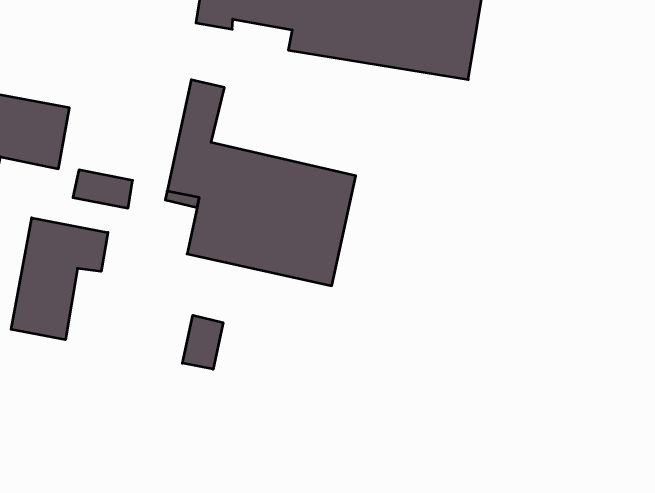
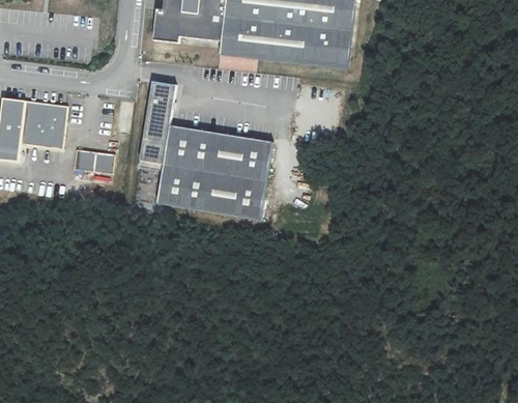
building: [11,218,108,340] -> none
building: [182,315,223,369] -> none

